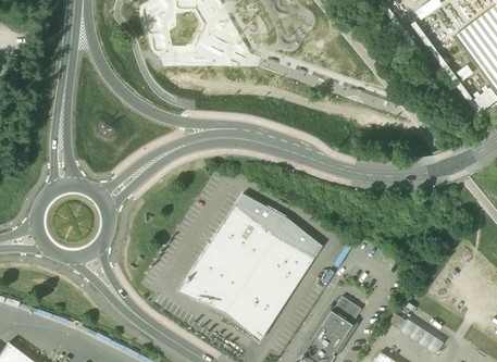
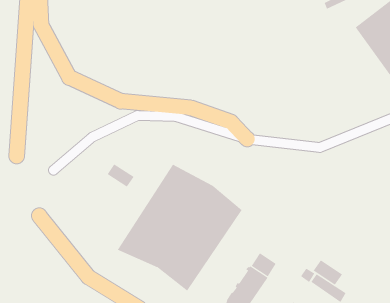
building: none -> [107,164,134,188]
building: none -> [313,259,343,286]

